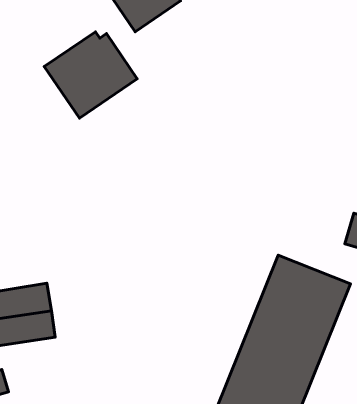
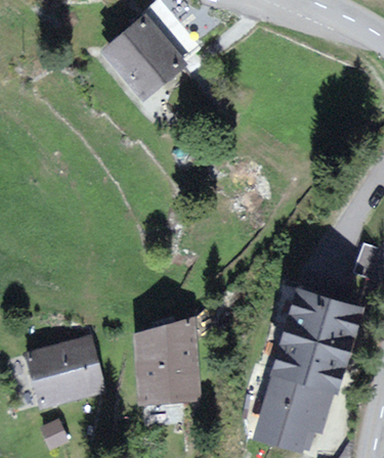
building: [44,32,137,118] -> none
building: none -> [135,318,196,402]

